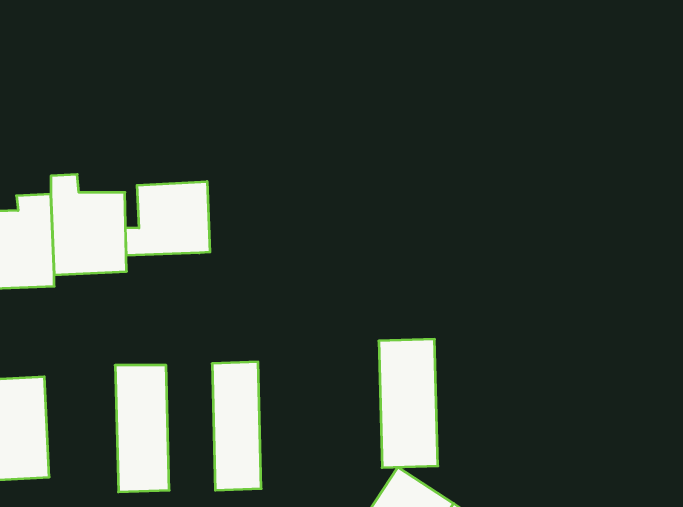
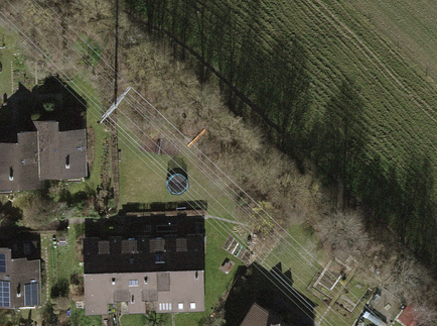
building: [126,181,210,256] -> none
building: [379,339,438,468] -> [167,234,203,313]
building: none -> [111,236,141,314]

